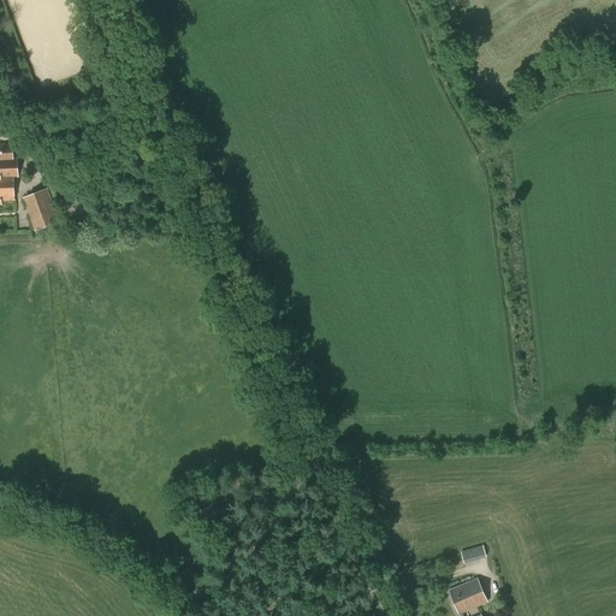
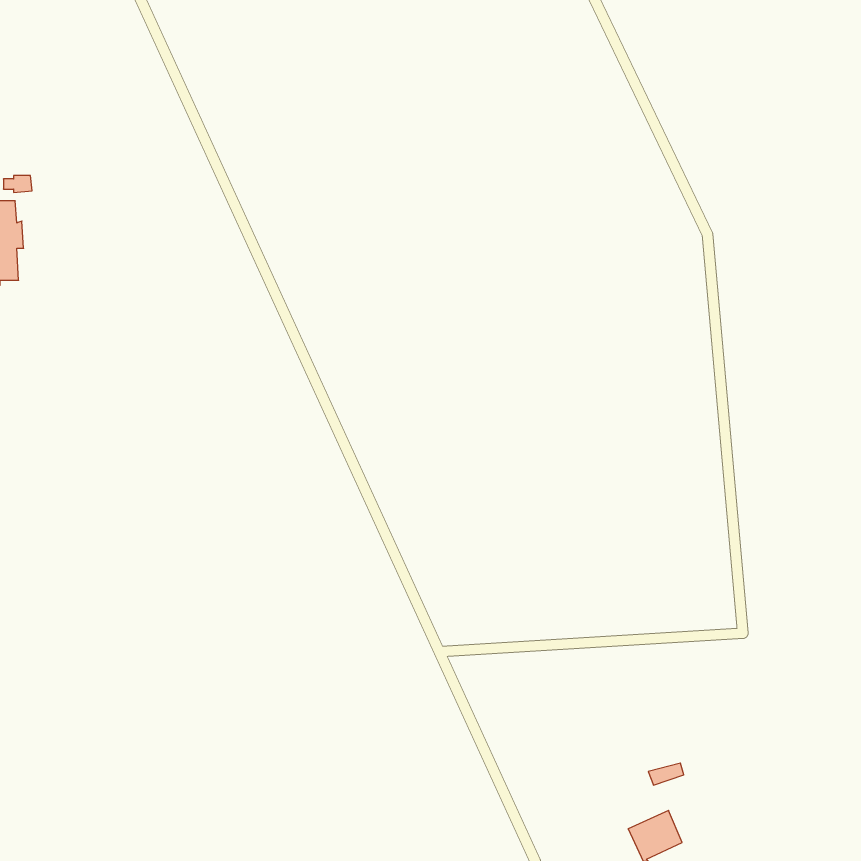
building: [22,188,59,230] -> none

